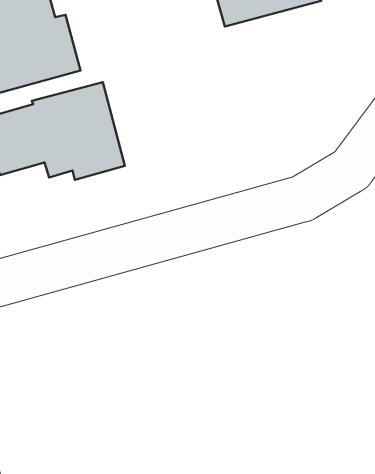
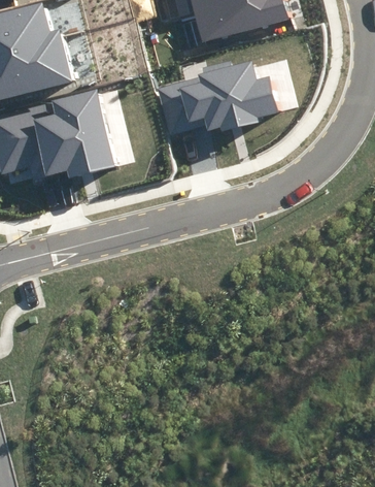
building: none -> [160,63,277,131]

